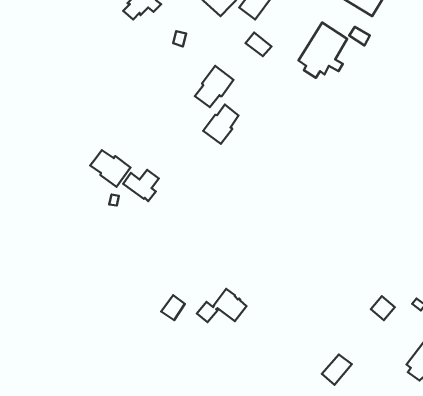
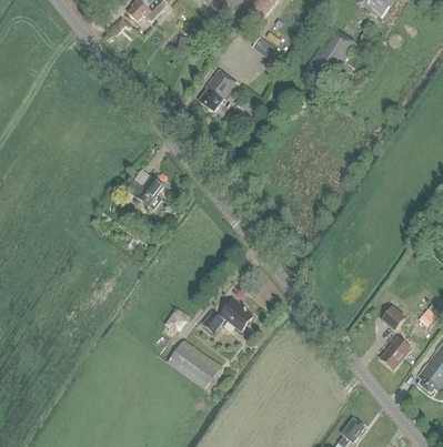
building: [203,105,239,144] -> none
building: [90,150,131,187] -> none
building: none -> [168,339,219,386]
building: [322,354,352,385] -> [380,336,411,367]

